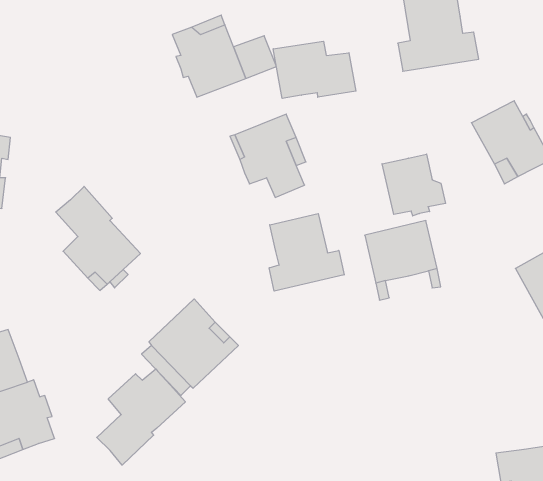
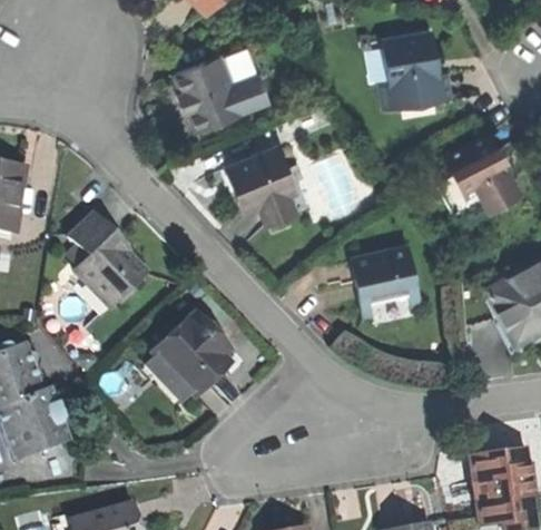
building: [273,41,356,98] -> none
building: [382,154,446,216] -> none
building: [269,214,344,291] -> none
building: [97,369,185,465] -> none

